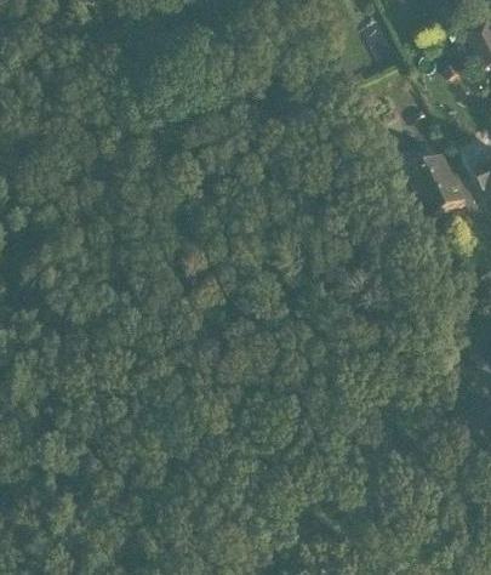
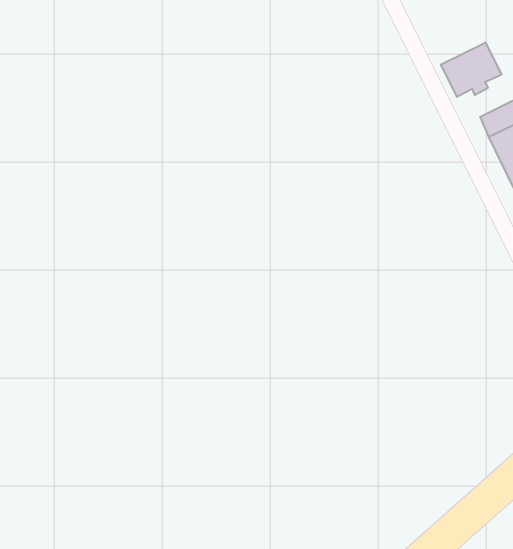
building: none -> [441,42,502,97]

